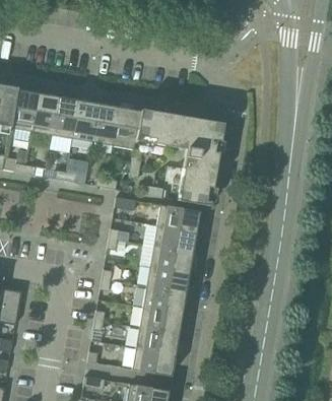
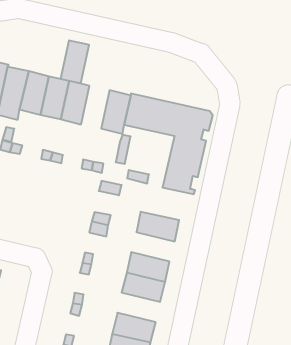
building: [93,104,120,145] -> [61,40,89,83]
building: [157,204,200,231] -> none
building: [150,246,193,273] -> none
building: [140,307,182,334] -> none

